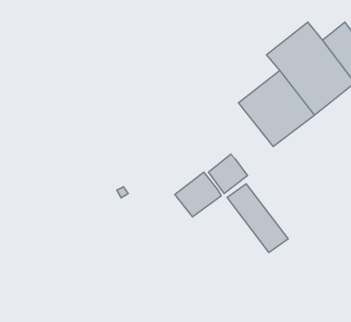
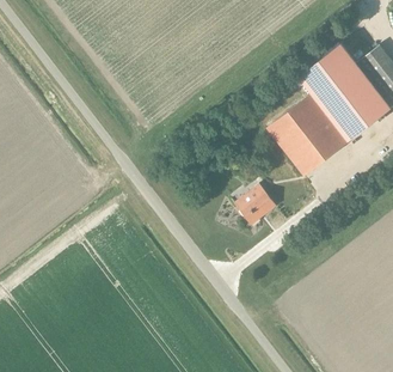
building: [175,172,221,217] -> none
building: [227,184,288,252] -> none

